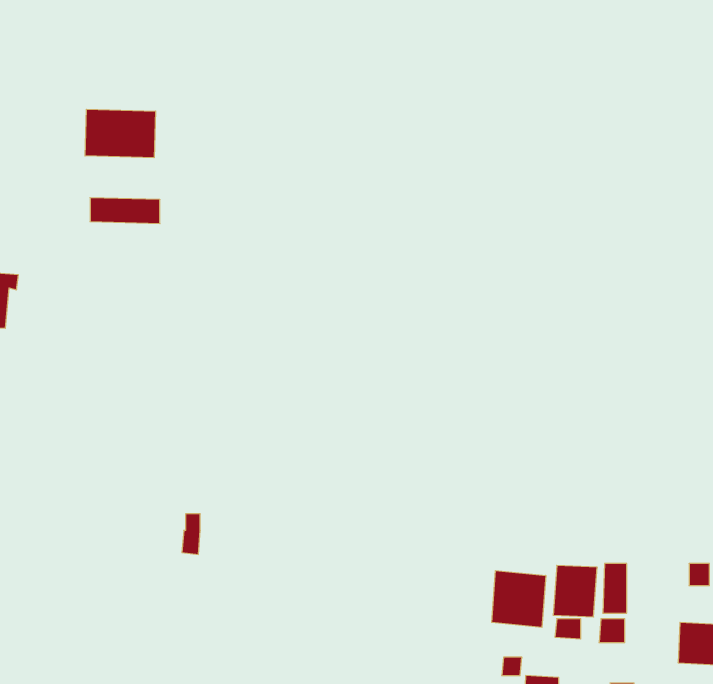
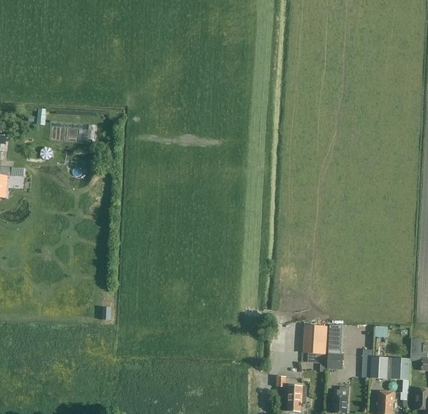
building: [85,109,156,158] -> none
building: [492,571,546,627] -> none

